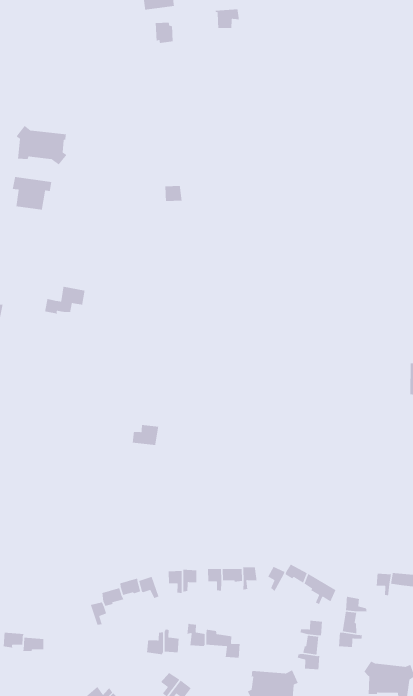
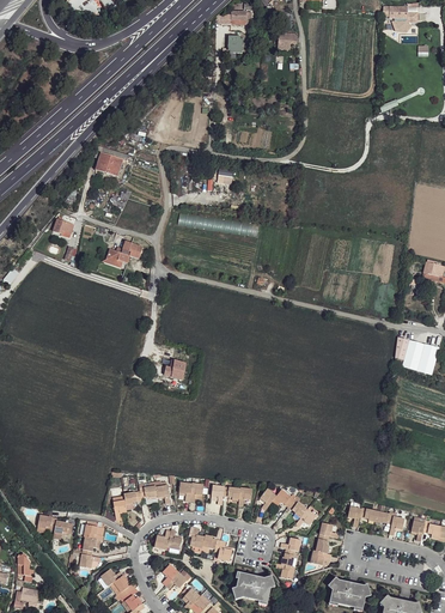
building: [15,125,67,165] -> none
building: none -> [79,524,102,569]

